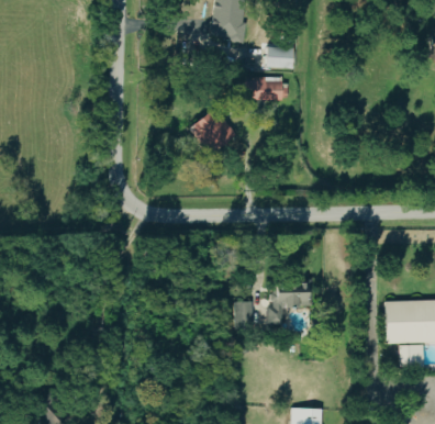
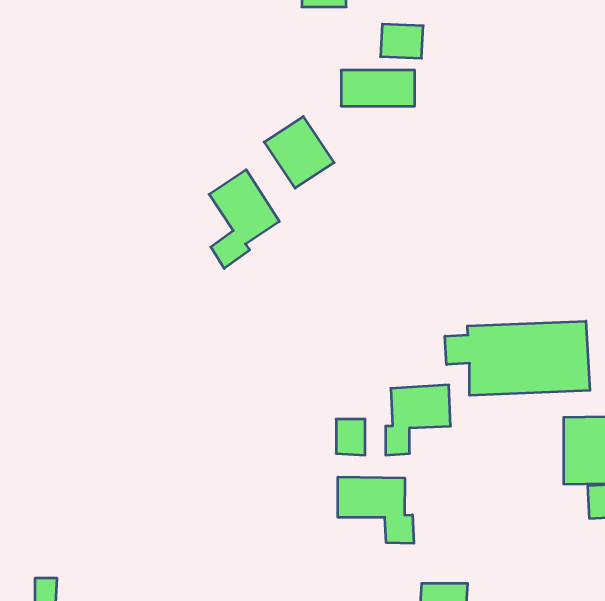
building: none -> [209,170,279,269]
building: none -> [445,321,590,395]
building: none -> [338,477,414,543]

